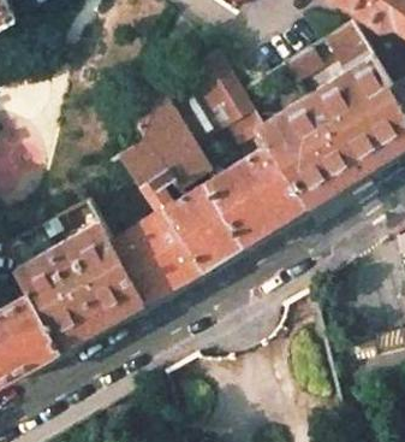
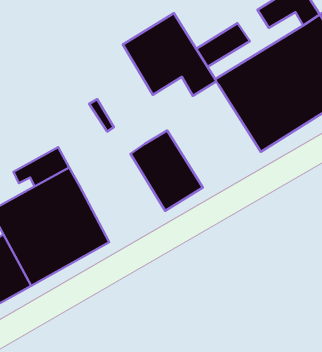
building: [127,92,207,191] -> none
building: [204,135,305,246] -> none
building: [109,210,202,305] -> none

